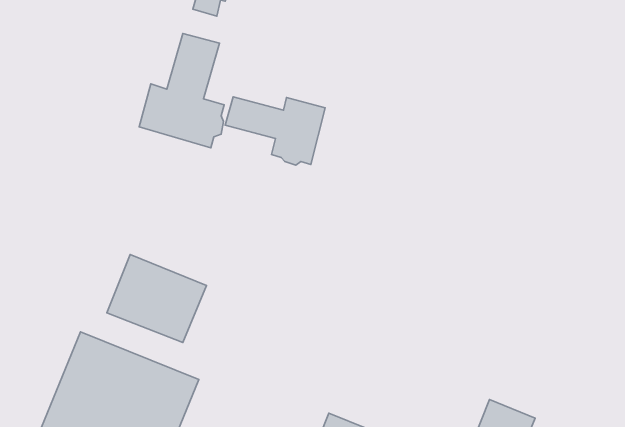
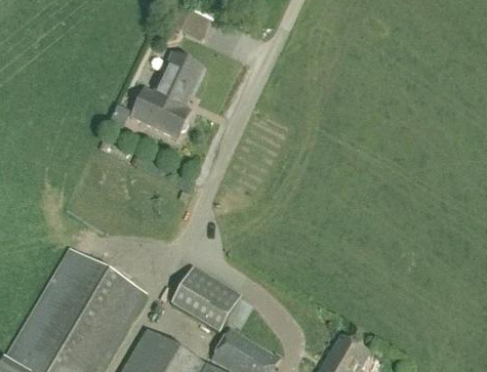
building: [225,97,325,165] -> none
building: [107,254,206,342] -> [171,267,241,332]

